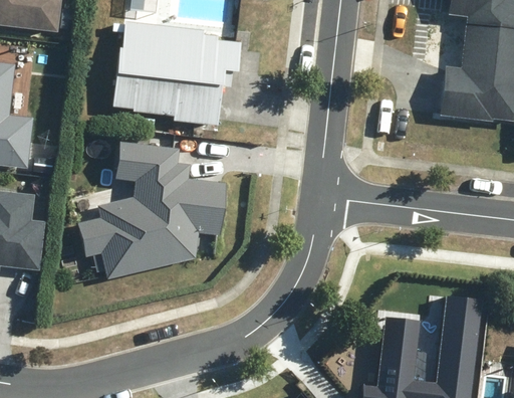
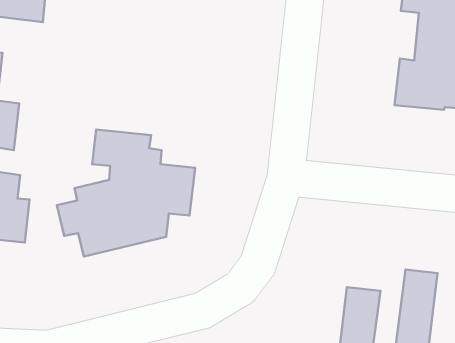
building: [109,22,237,127] -> none

